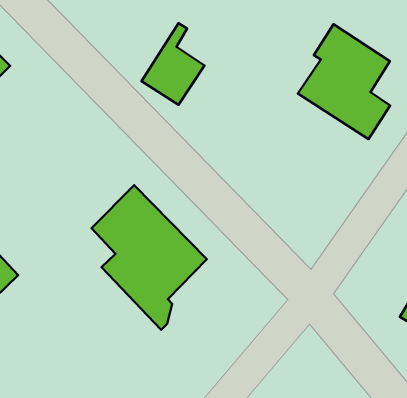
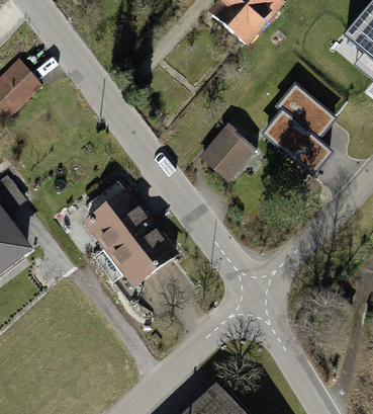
building: [142,23,205,105] -> [203,115,254,179]

